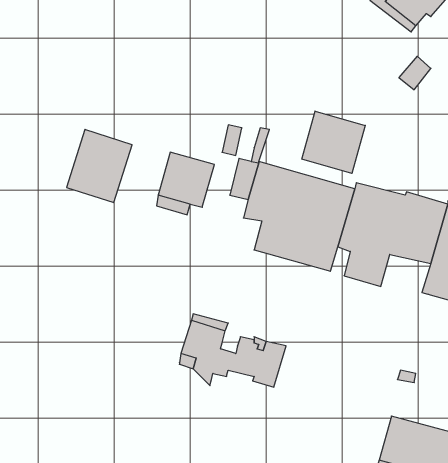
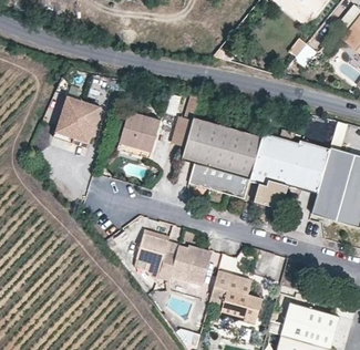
building: [302,111,365,173] -> none
building: none -> [209,270,263,323]

